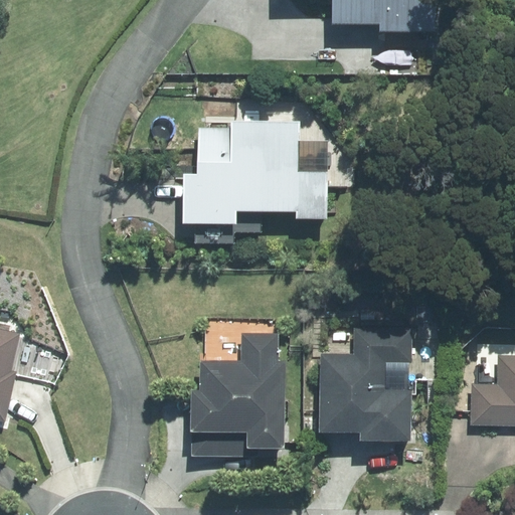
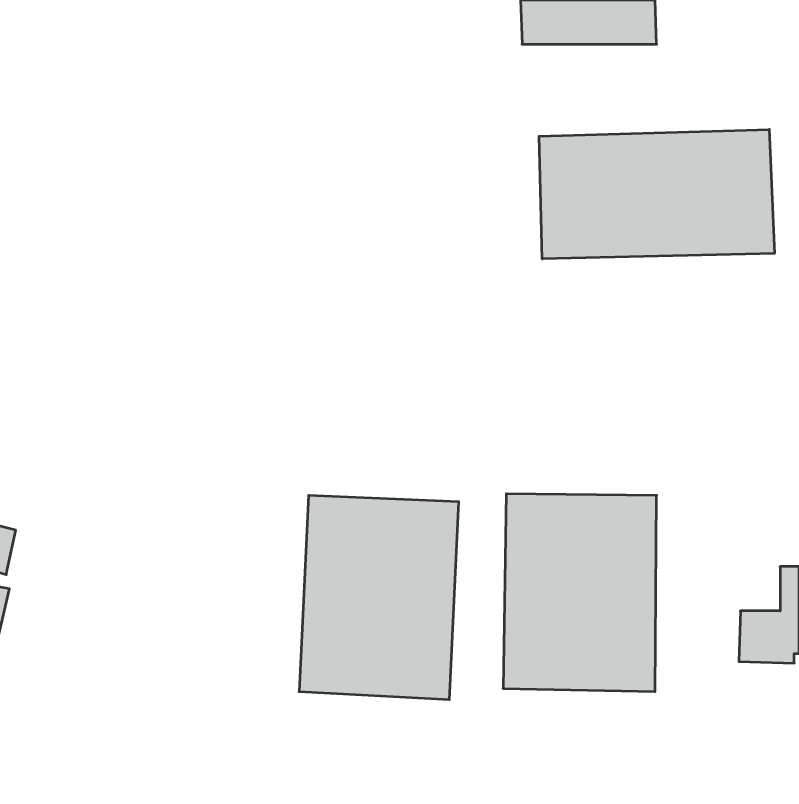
building: none -> [539,129,774,259]
building: [185,127,325,221] -> none

